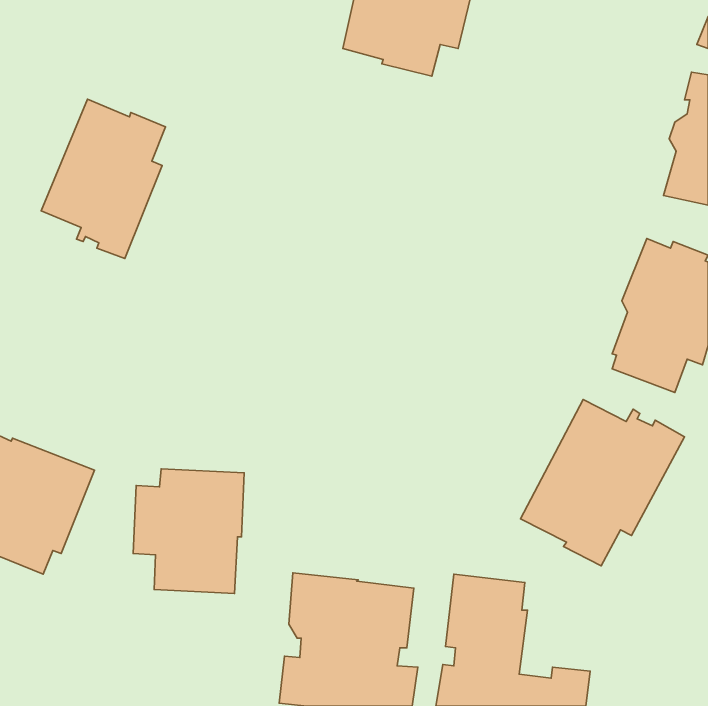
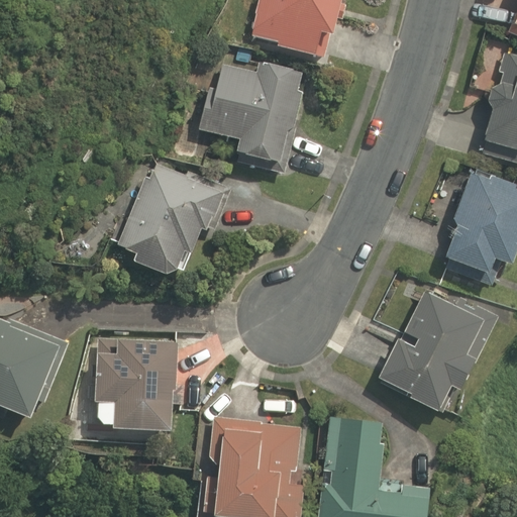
building: none -> [199,63,303,174]
building: [41,99,166,258] -> none
building: none -> [116,164,230,275]

